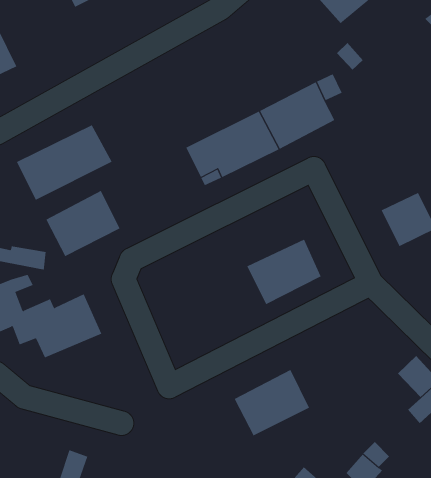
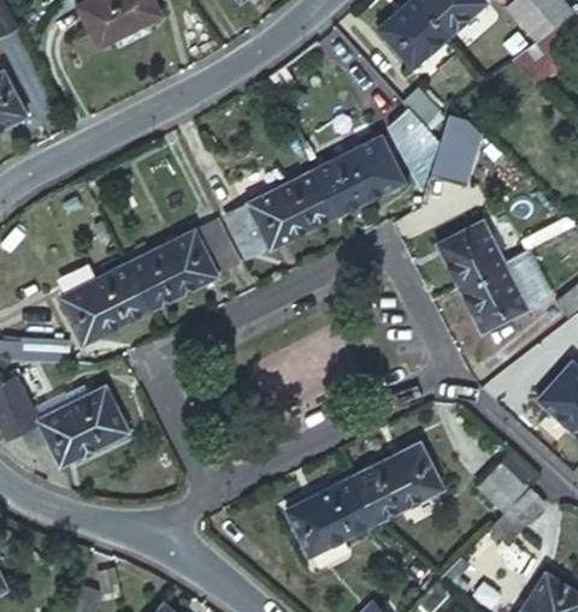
building: none -> [431,136,476,188]
building: [16,124,113,200] -> [128,219,242,309]
building: none -> [440,222,505,287]
building: [247,239,322,305] -> [353,444,442,522]

